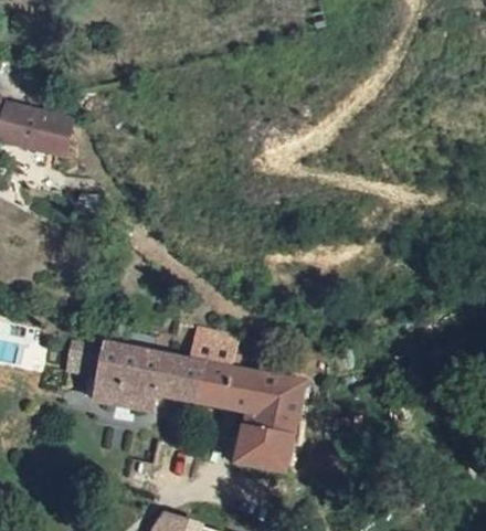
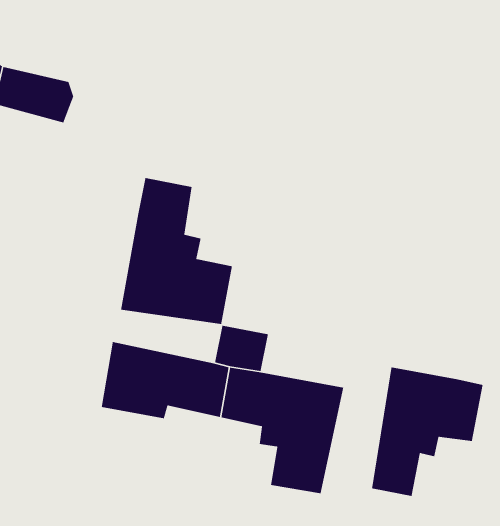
building: none -> [120,177,233,325]
building: none -> [371,366,484,497]

